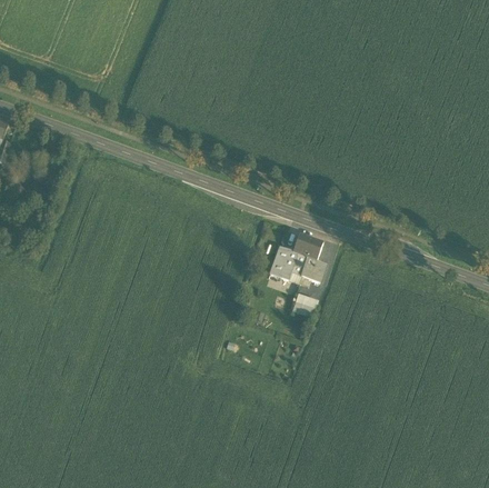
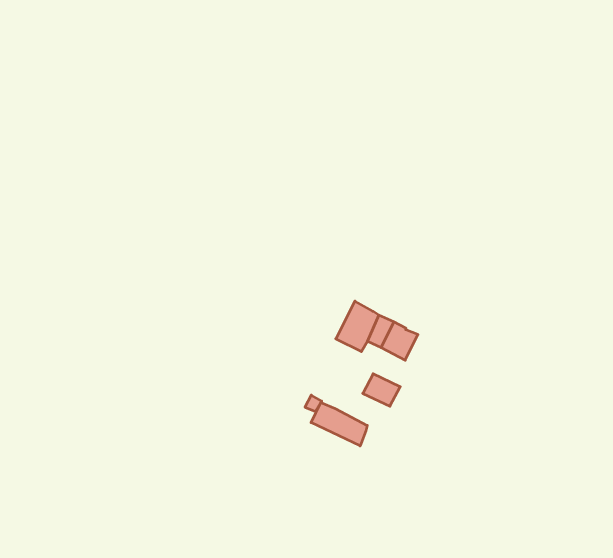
building: [292,232,322,258] -> none
building: none -> [311,402,367,446]

